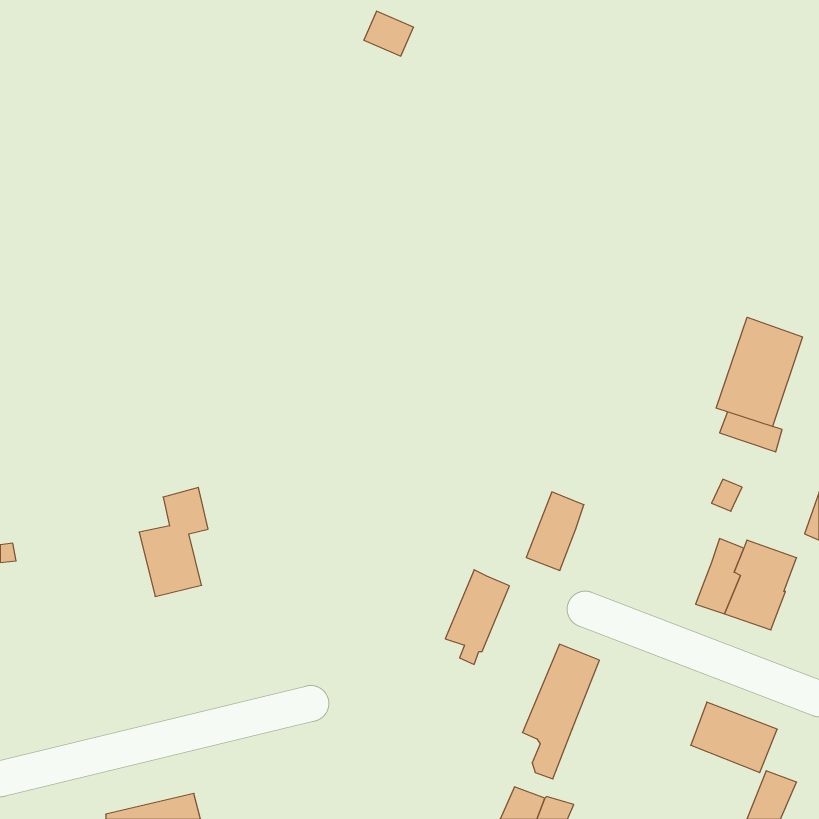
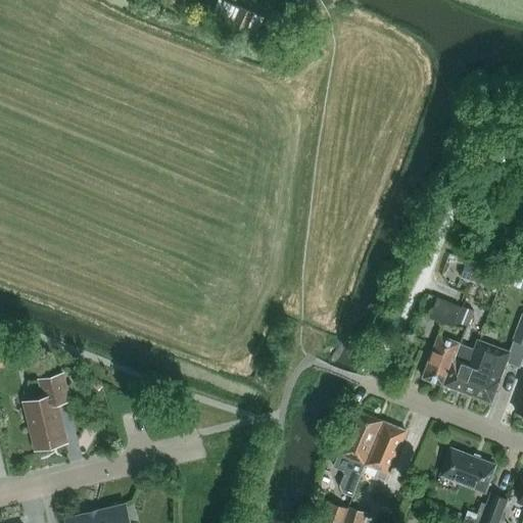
building: [716,317,803,426] -> none
building: none -> [428,297,459,326]
building: [139,487,208,596] -> [25,374,68,443]
building: [526,492,584,570] -> [422,335,459,385]
building: [445,570,509,664] -> [365,421,406,481]

